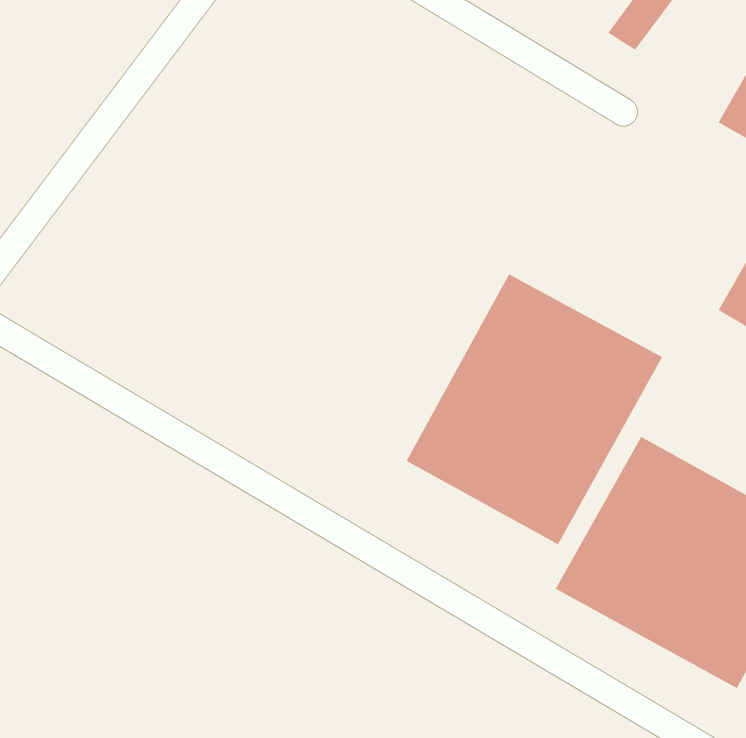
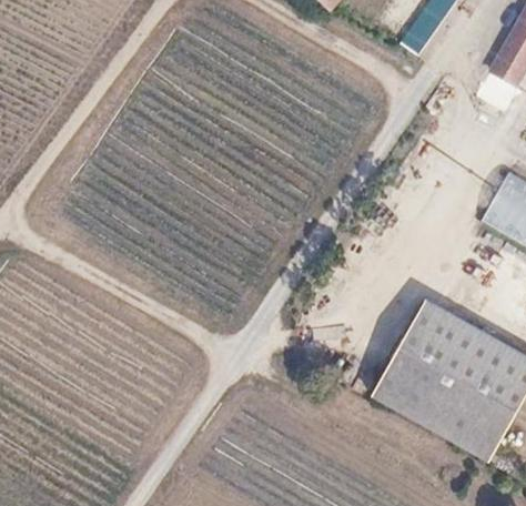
building: [406,274,663,545] -> none

